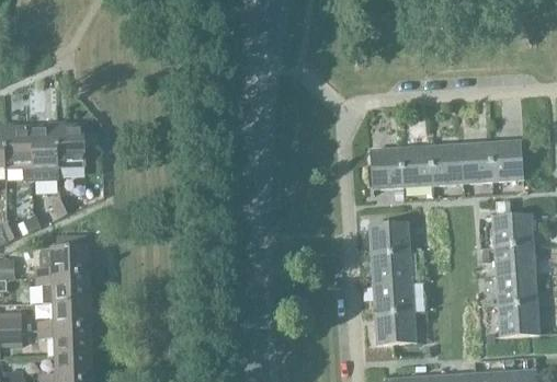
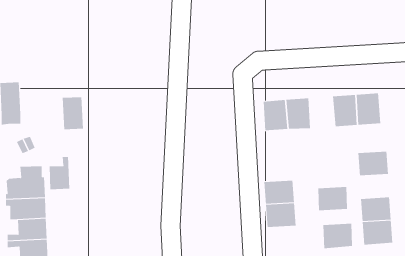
building: [55,124,83,166] -> [62,97,84,130]
building: [430,143,463,185] -> none
building: none -> [49,156,70,190]
building: [368,222,409,254] -> none
building: [495,244,534,276] -> [317,186,348,211]
building: [375,311,414,344] -> [322,223,353,249]

